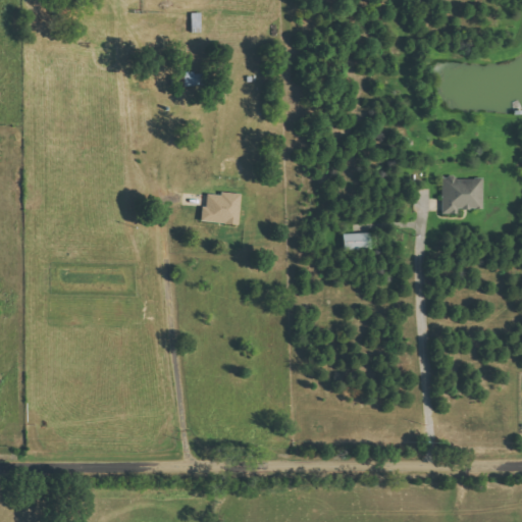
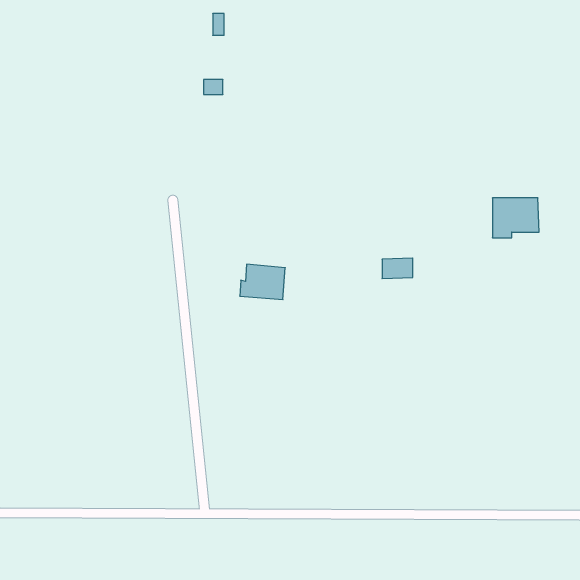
building: [200,192,241,223] -> [240,264,285,300]

